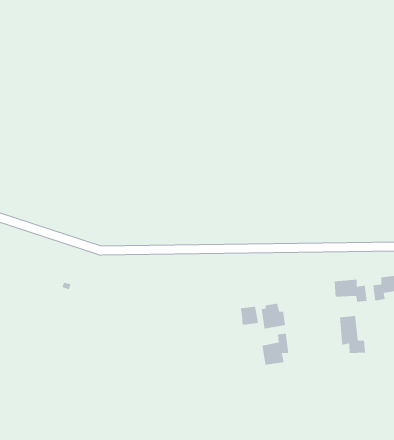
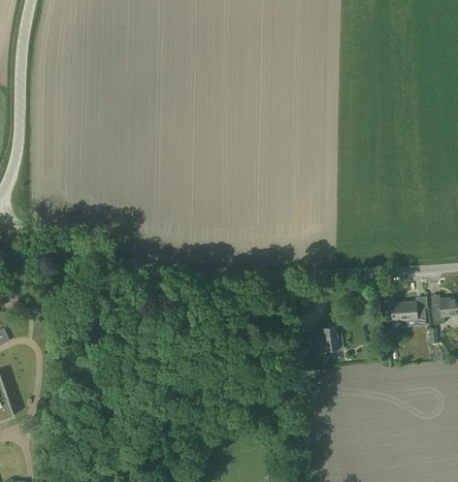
building: [340,315,365,354] -> none
building: [262,333,289,366] -> none

